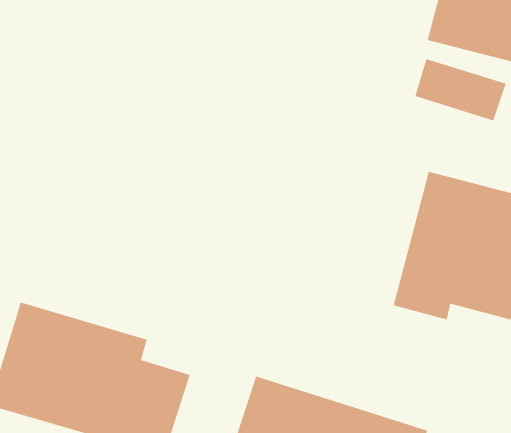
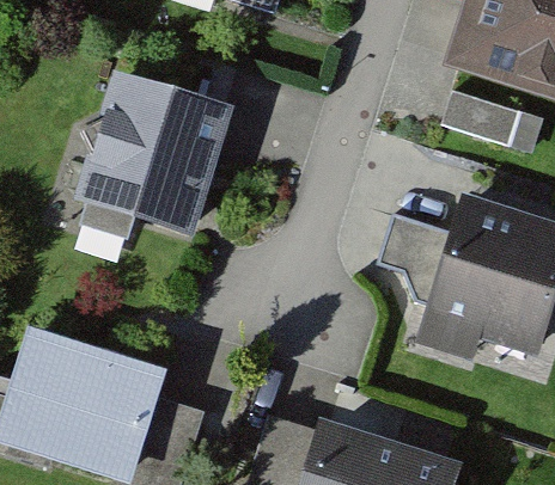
building: none -> [71,67,234,240]

